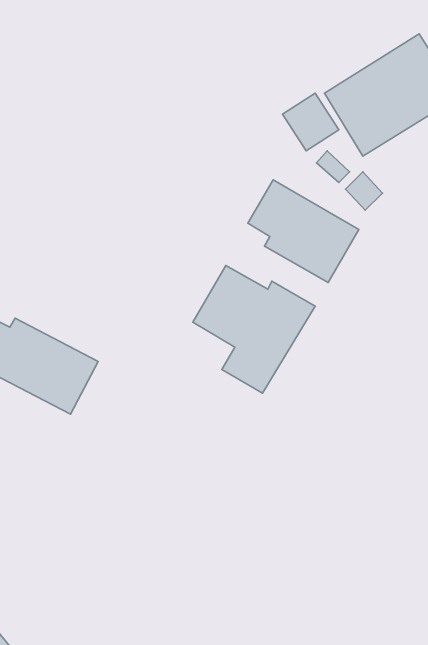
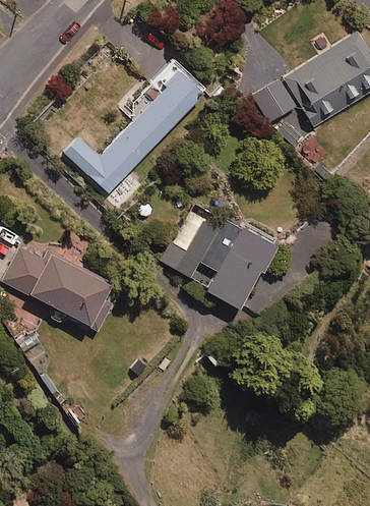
building: none -> [64,61,206,194]
building: [248,180,359,283] -> none

